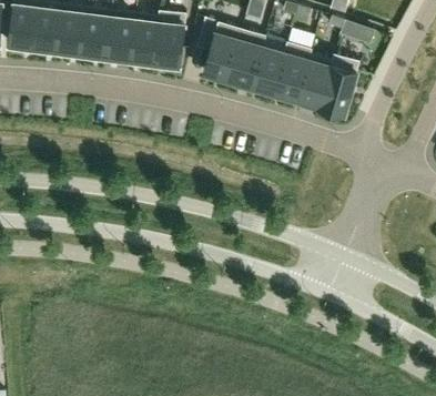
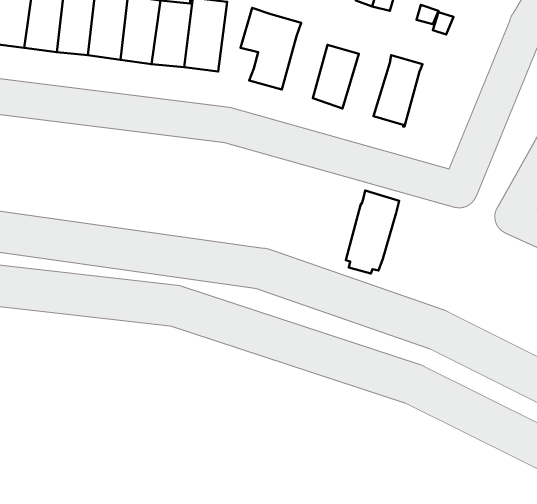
building: [227,31,265,88] -> none
building: [273,44,311,101] -> none
building: [320,57,359,119] -> [346,190,399,273]

